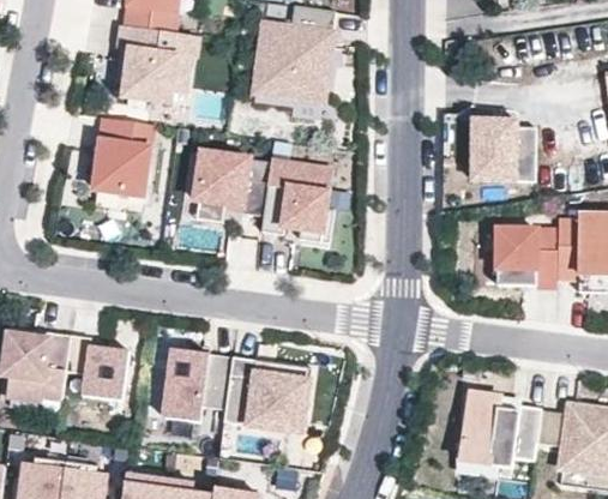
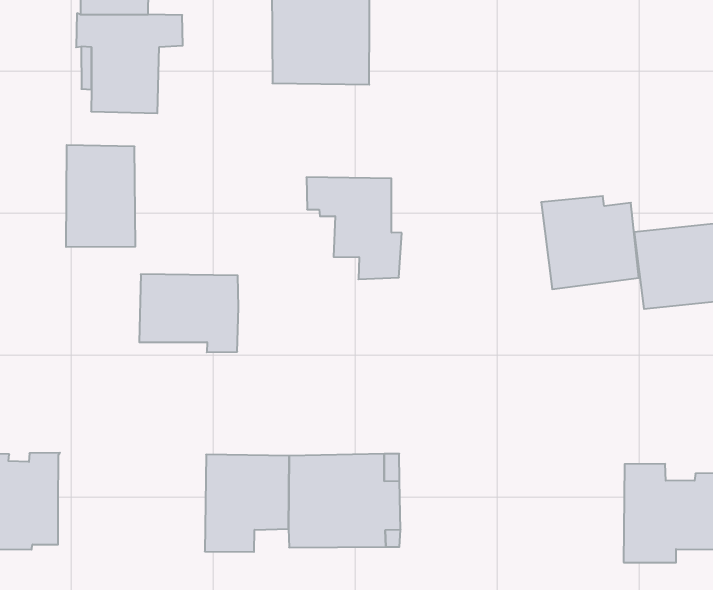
building: [471,119,535,181] -> [541,196,639,289]
building: [193,151,269,215] -> [139,274,238,352]
building: [64,335,127,399] -> none

